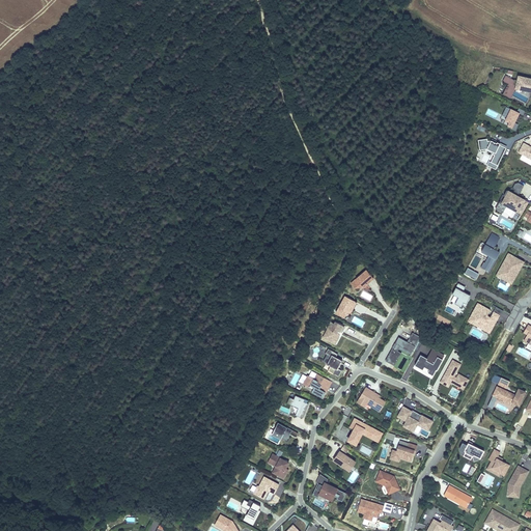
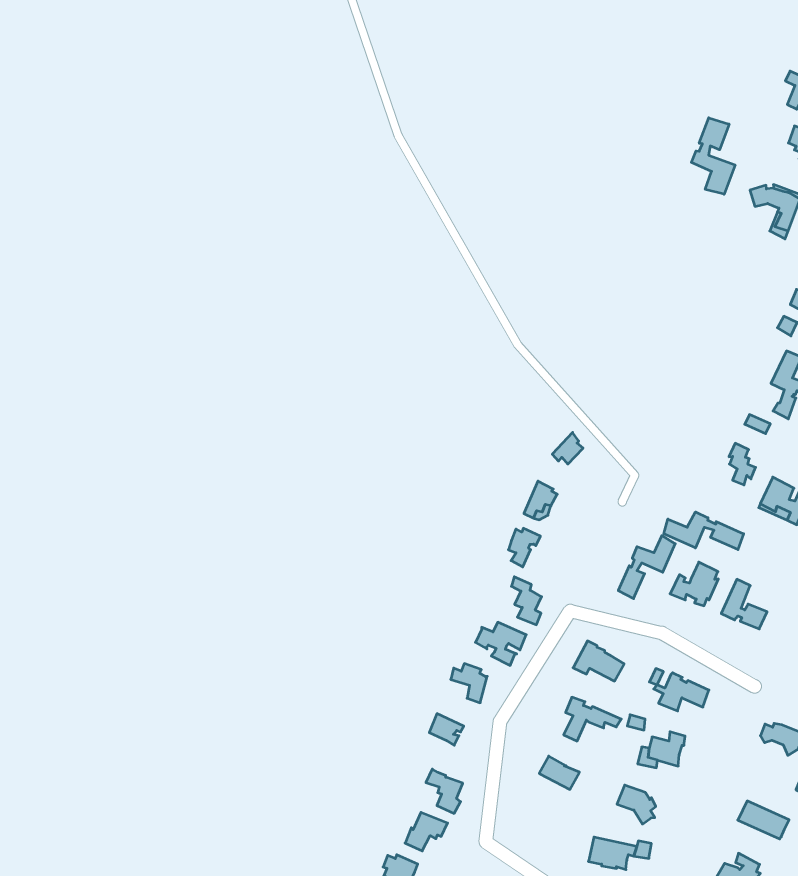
building: none -> [691,118,735,194]
building: none -> [664,512,744,550]
building: [312,474,346,502] -> none

